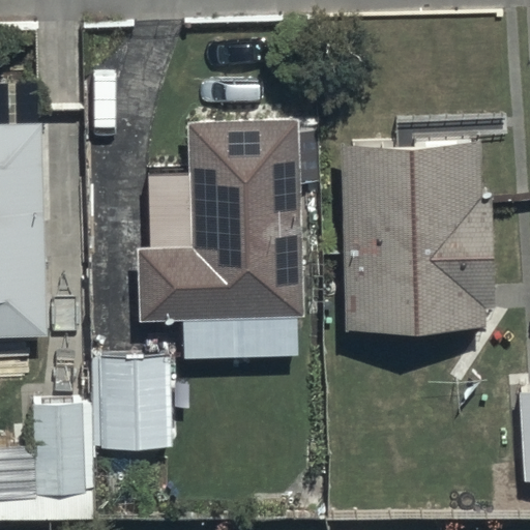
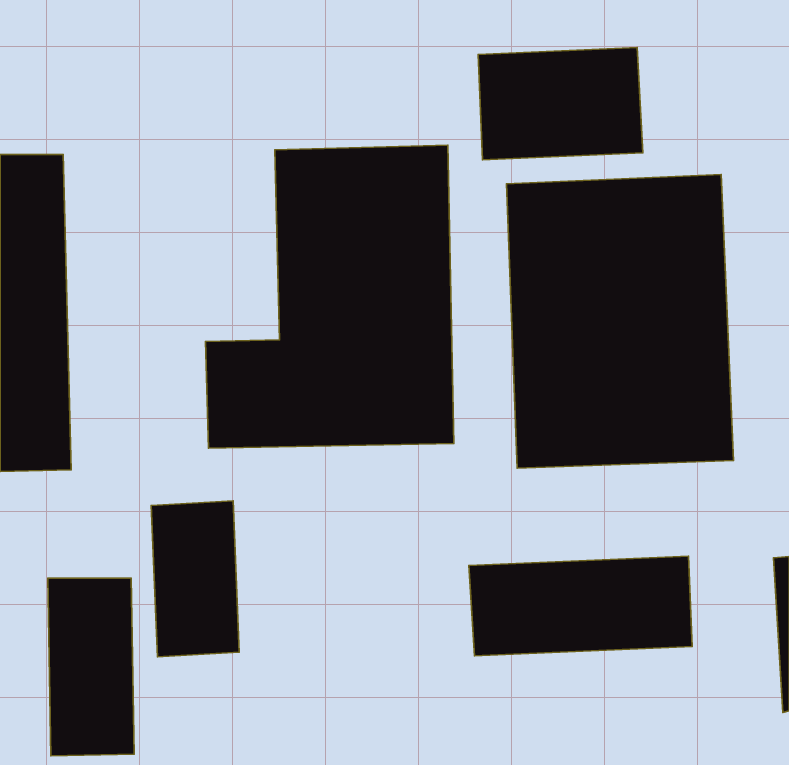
building: none -> [478,48,643,160]
building: none -> [469,556,692,656]

